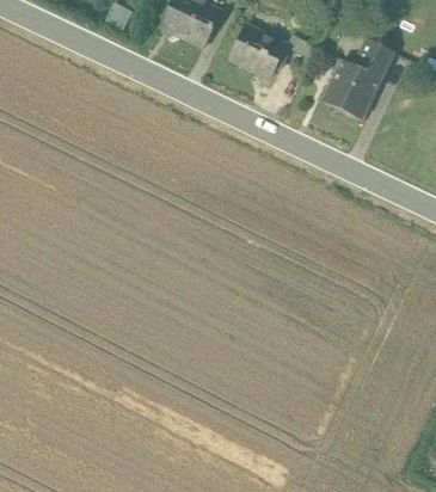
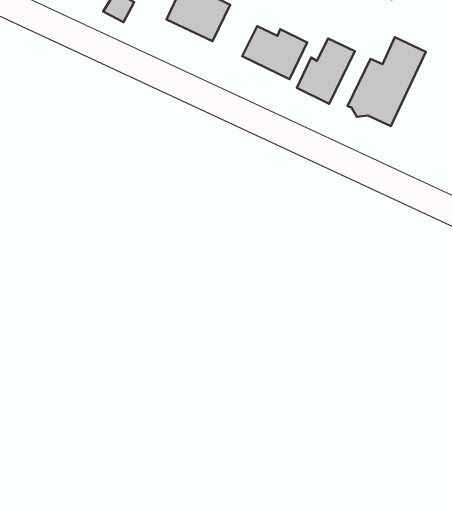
building: none -> [297,38,355,104]

